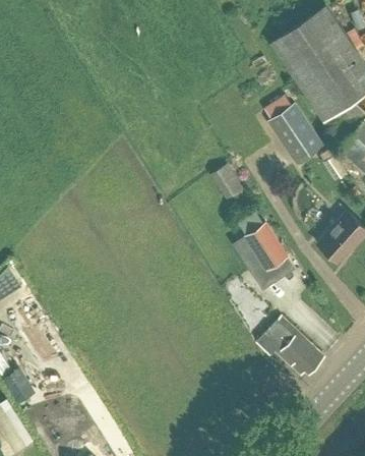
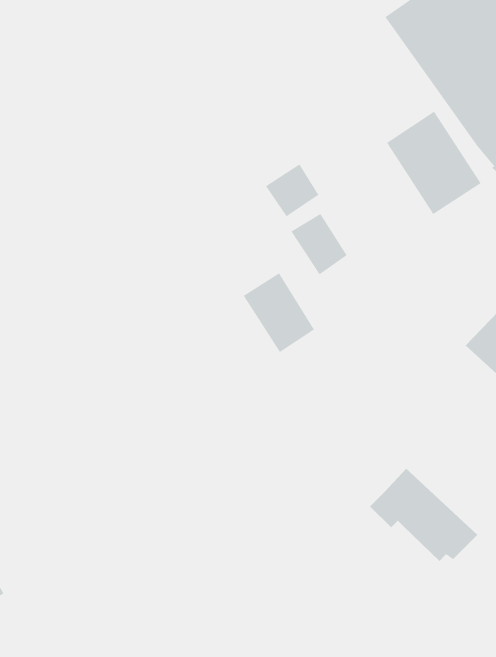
building: none -> [265,163,319,217]
building: [245,222,289,271] -> [243,272,315,353]

